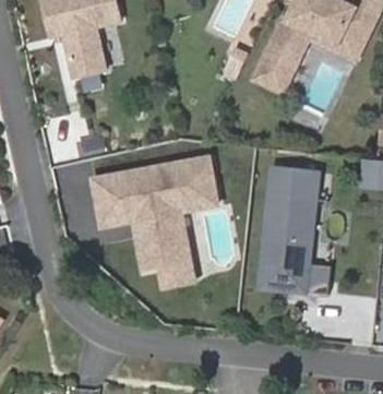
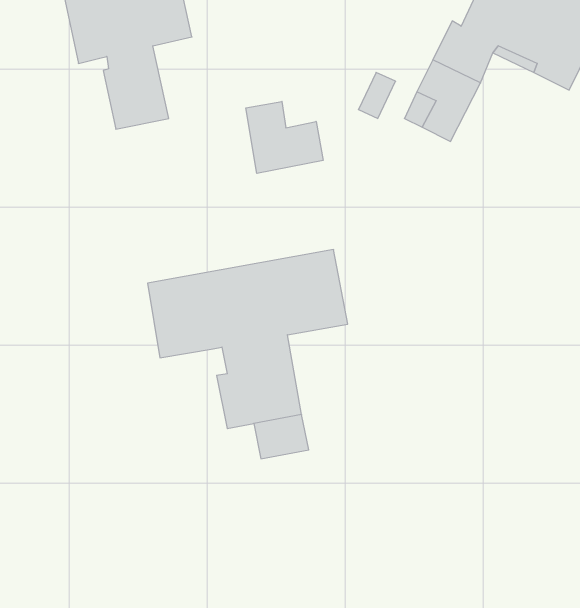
building: none -> [246,101,323,173]
building: [259,165,319,291] -> none

